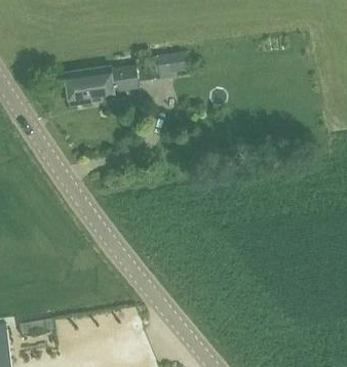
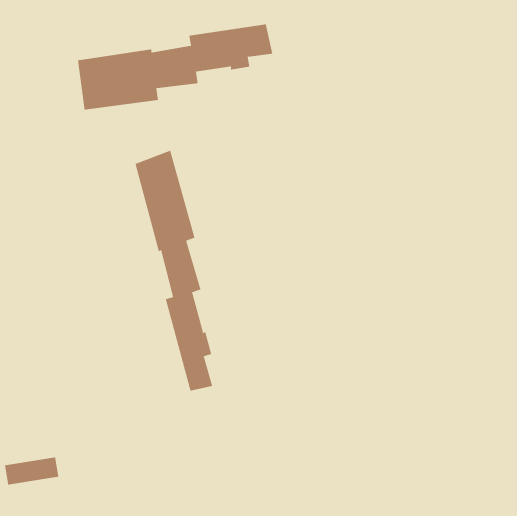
building: none -> [135,150,213,391]

